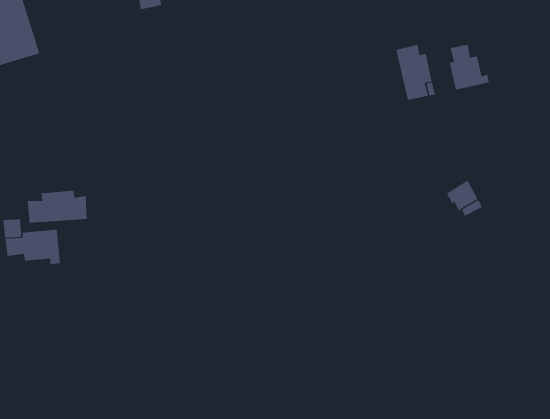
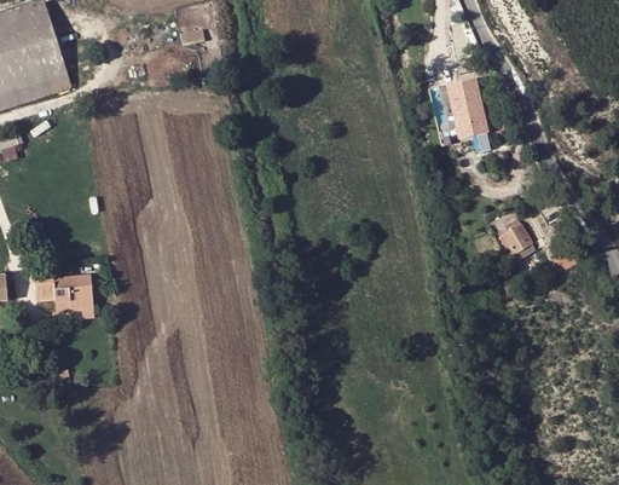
building: [449,44,489,91] -> none
building: [27,190,87,224] -> none

